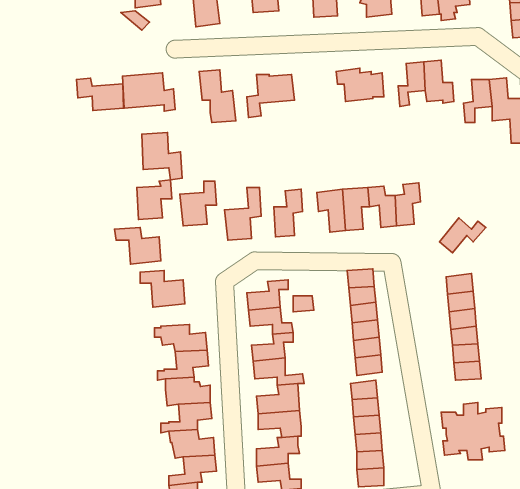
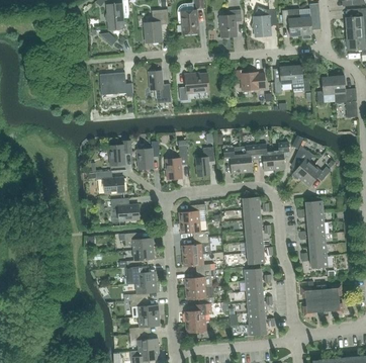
building: [76,78,123,111] -> none
building: [142,132,182,180] -> none
building: none -> [291,146,314,180]

